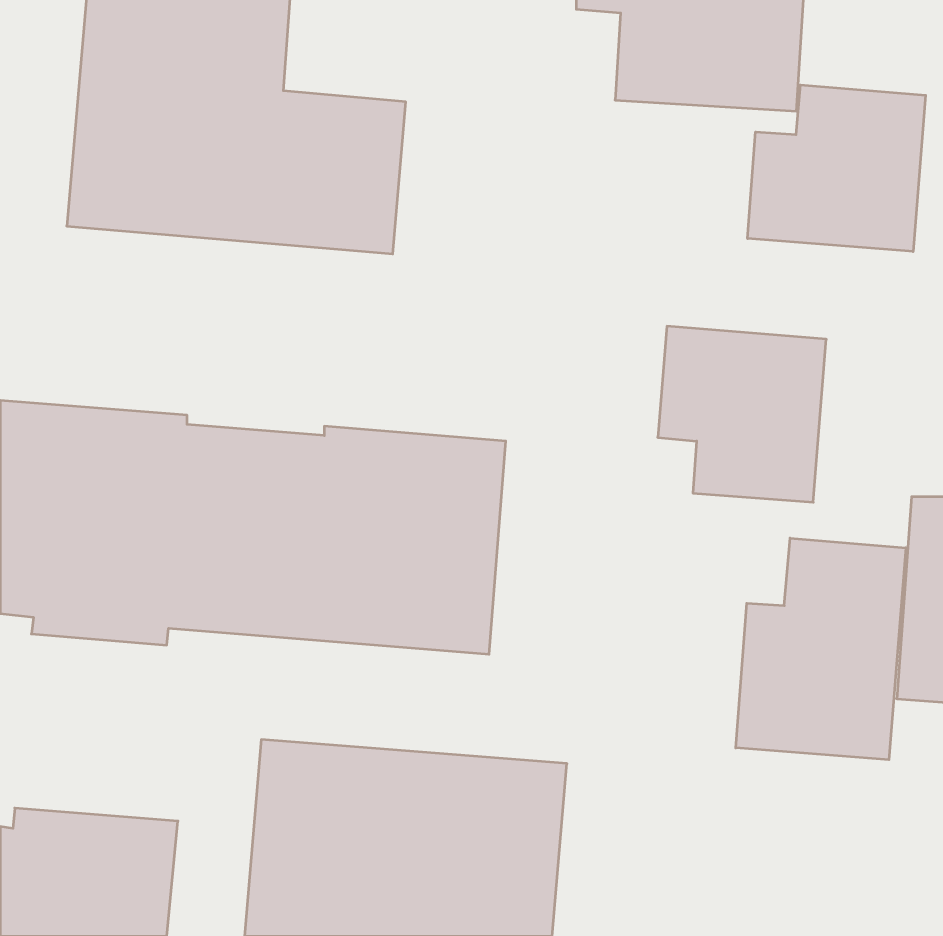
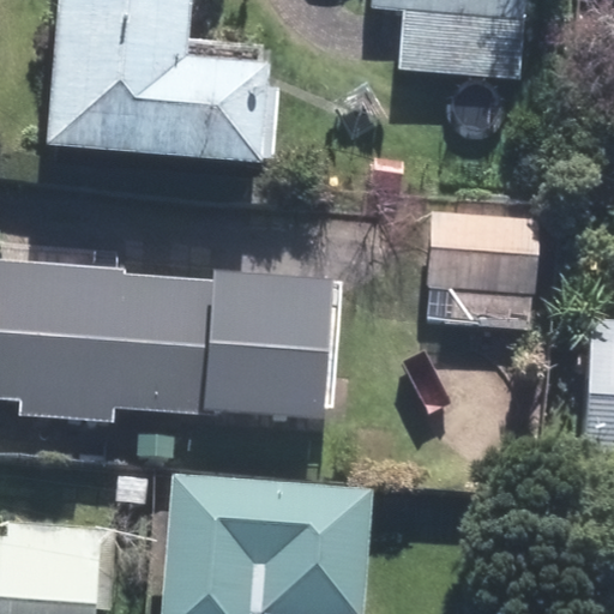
building: [748,85,926,252] -> none
building: [736,538,906,760] -> none

